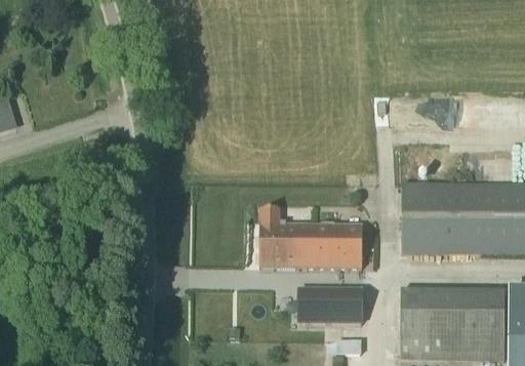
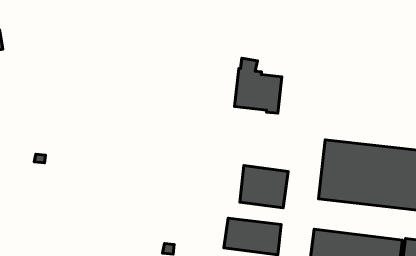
building: [259,207,311,267] -> [235,58,282,113]

